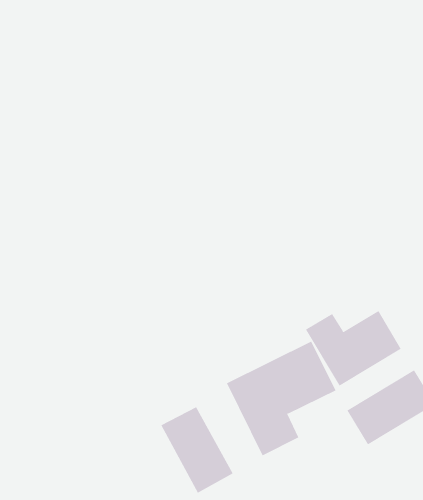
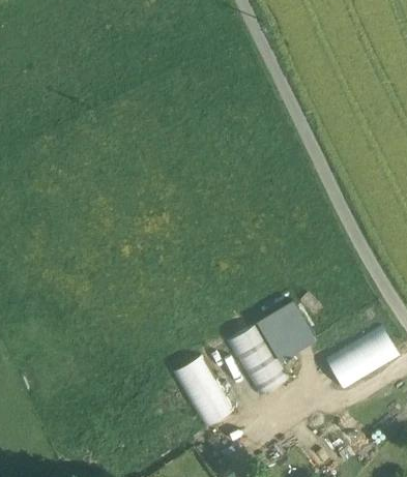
building: [305,310,402,386] -> none

